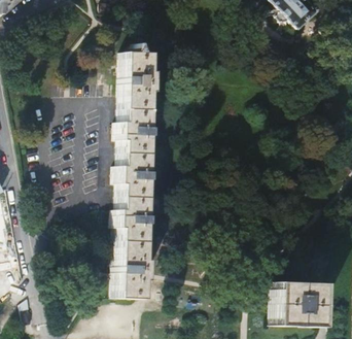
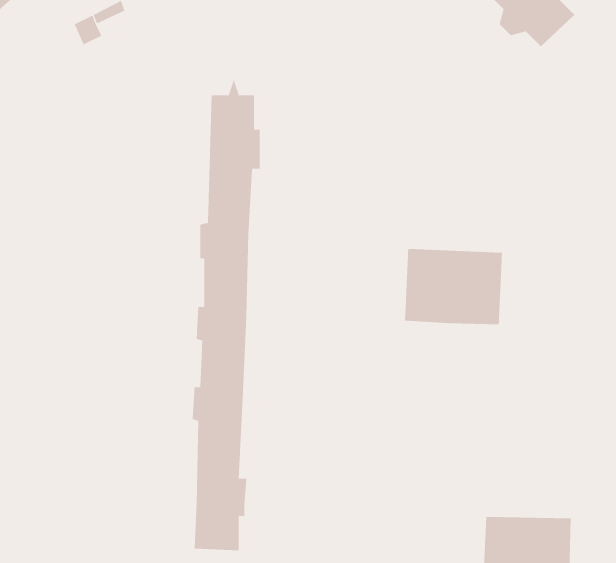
building: none -> [405,248,502,325]

